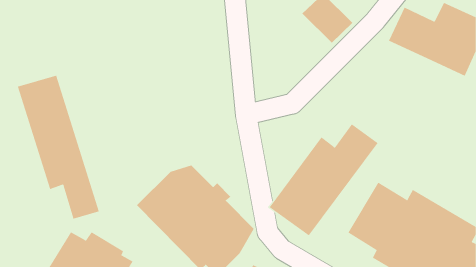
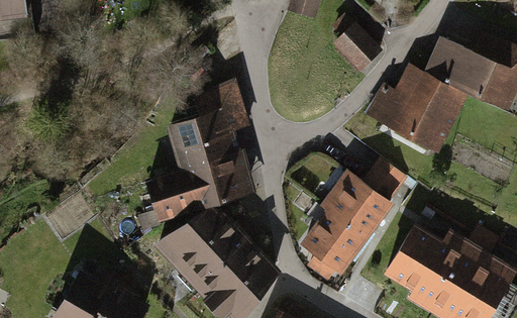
building: none -> [379,65,462,152]
building: none -> [141,81,250,221]
building: [17,75,100,219] -> none

